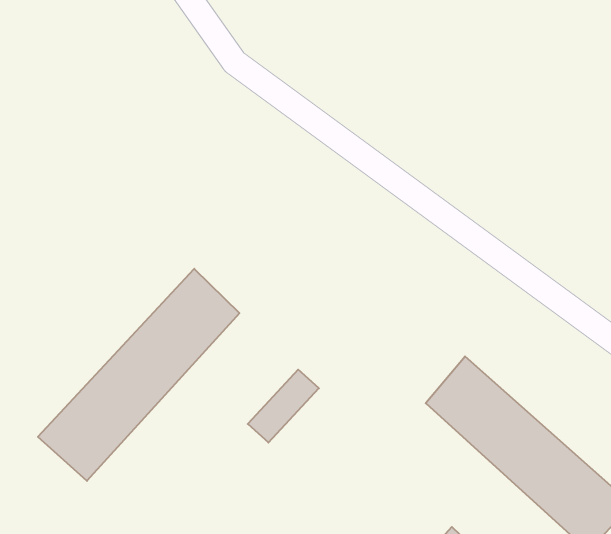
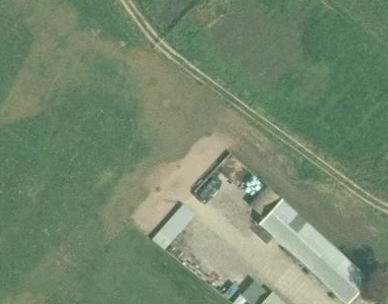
building: [38,269,239,481] -> none

